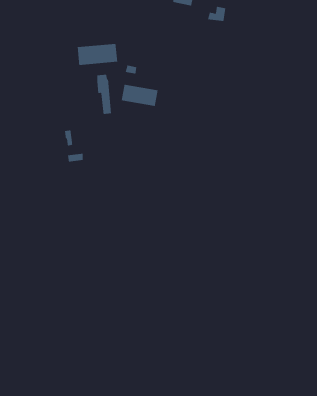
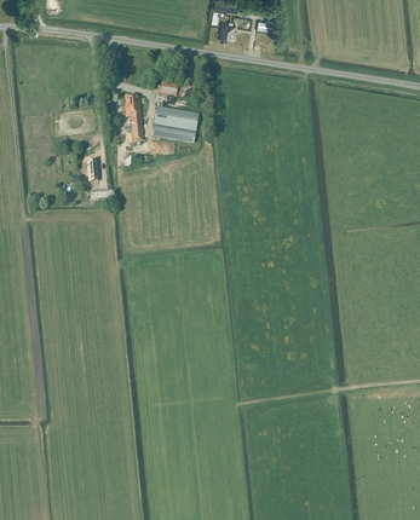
building: [77,43,118,66] -> none

